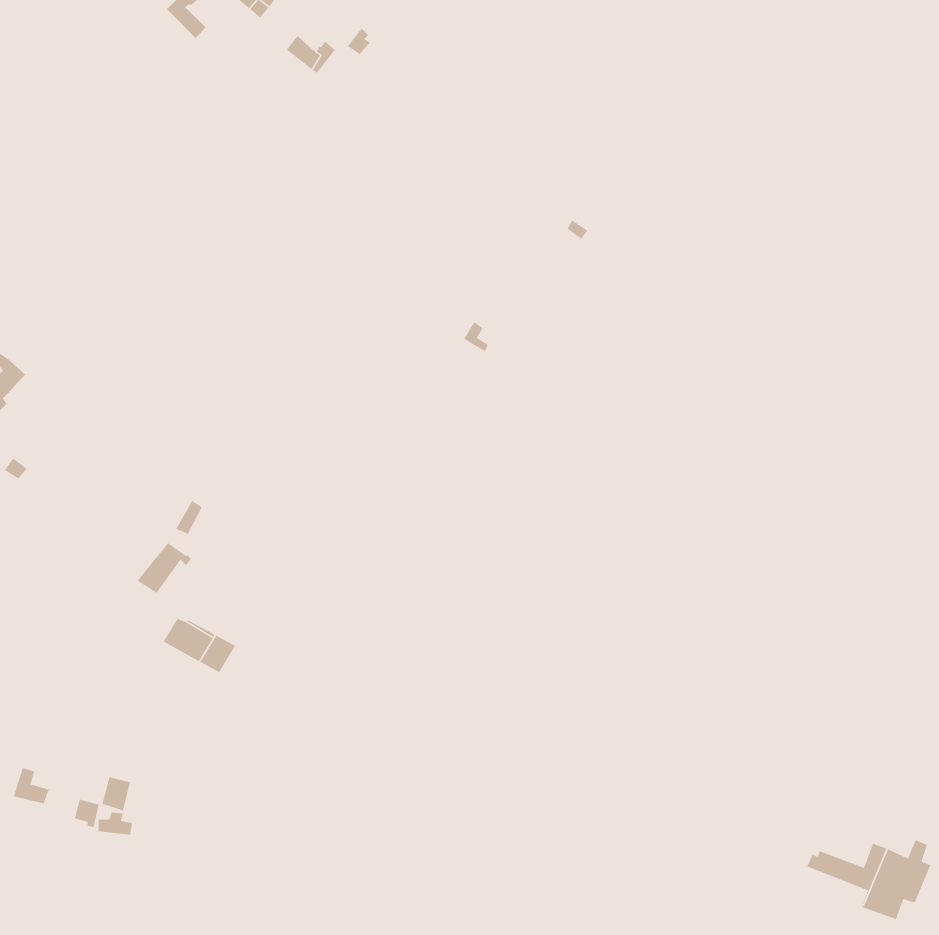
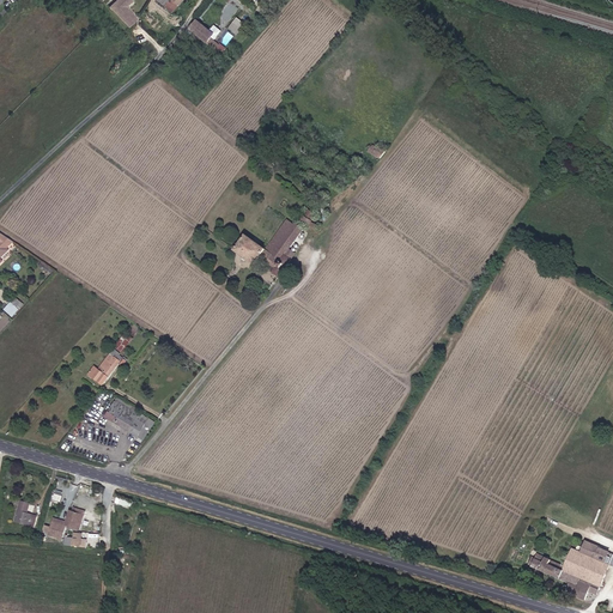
building: none -> [233,218,302,274]

